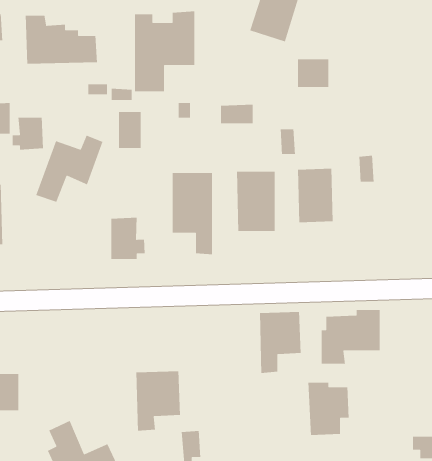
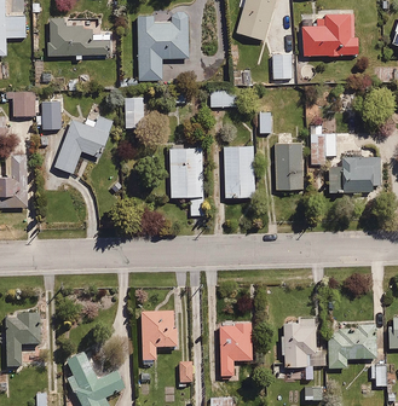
building: none -> [302,13,358,56]
building: none -> [330,155,380,191]
building: [111,217,145,260] -> none
building: [321,309,381,364] -> [328,321,377,367]
building: [259,311,301,374] -> [218,323,253,375]

